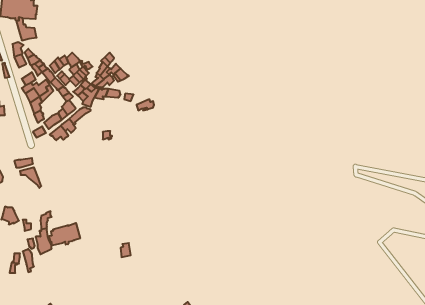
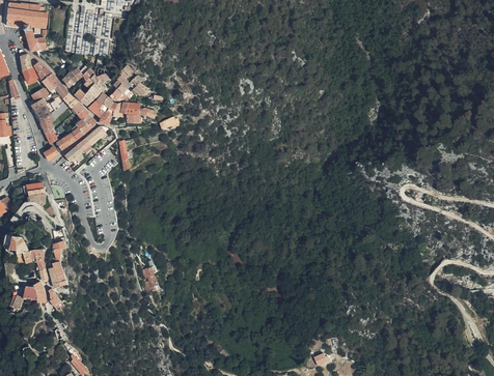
building: [49,223,80,246] -> none

